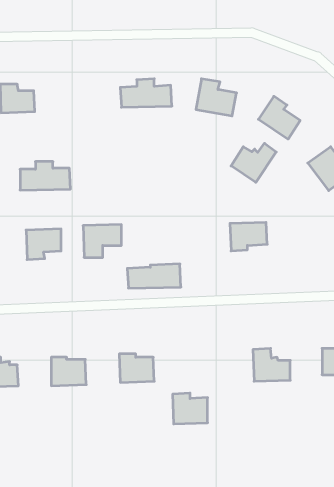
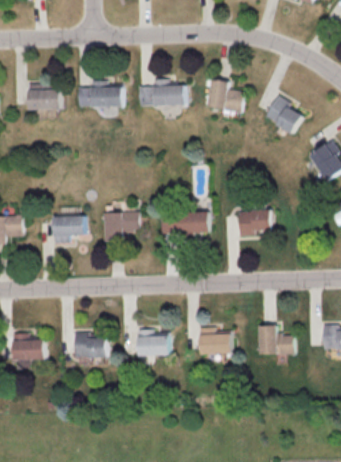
building: [231,143,276,182] -> none
building: [20,162,70,190] -> [77,81,123,107]
building: [127,264,181,288] -> [161,212,210,234]
building: [173,393,208,424] -> [199,327,231,355]

